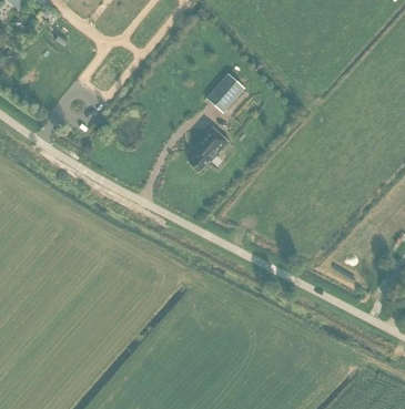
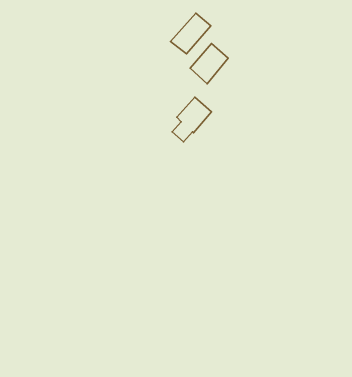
building: none -> [170,13,211,54]

